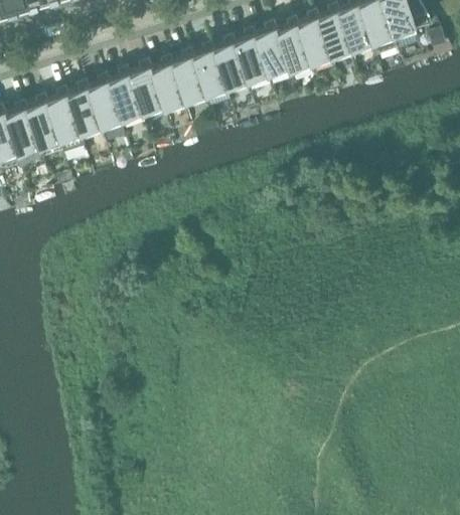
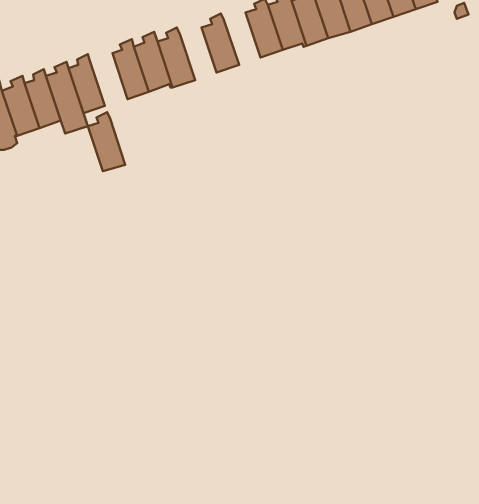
building: [217,36,252,92] -> none
building: [176,49,210,106] -> none
building: [92,74,127,130] -> [88,112,125,171]

